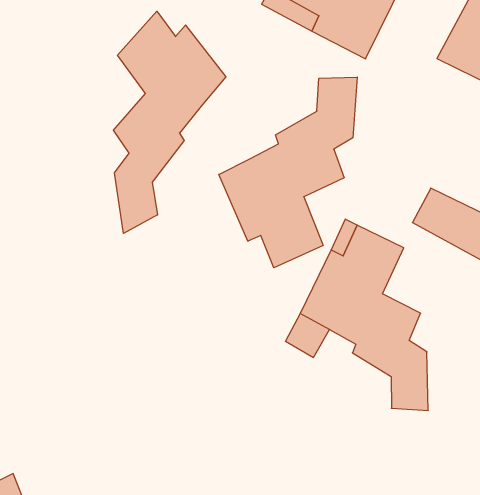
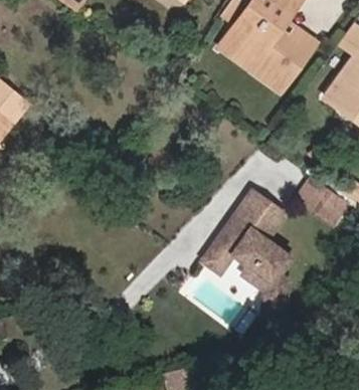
building: [113,11,226,233] -> none
building: [219,77,357,268] -> none

